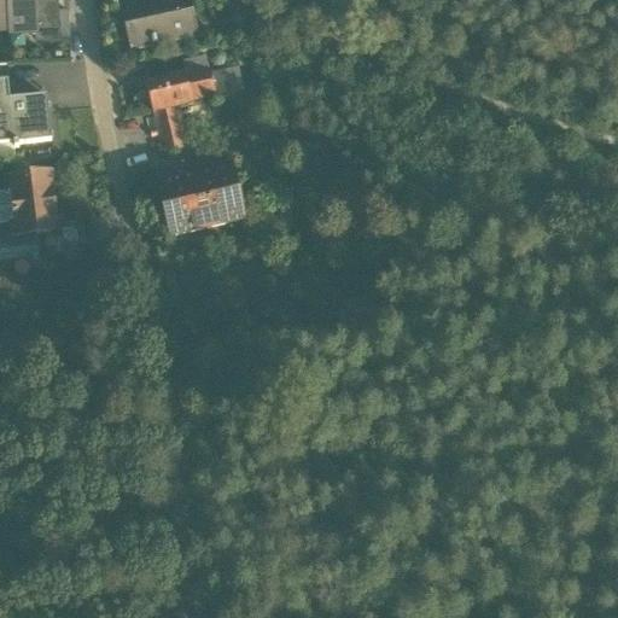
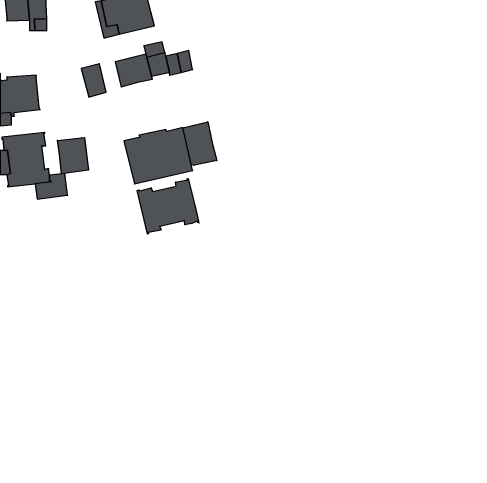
building: [153,104,185,146] -> [81,64,106,97]
building: none -> [183,122,217,166]
building: none -> [57,138,88,174]
building: none -> [137,179,199,234]

